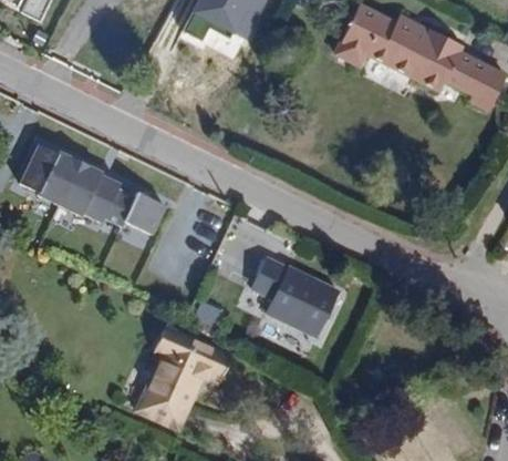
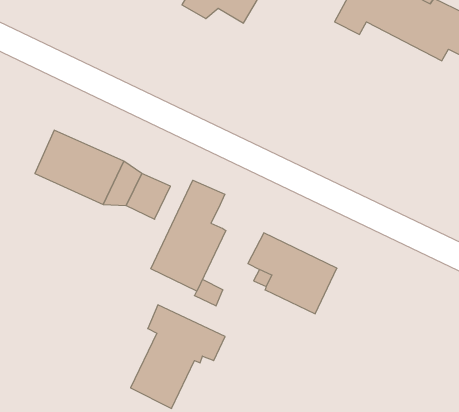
building: [23,147,62,198] -> none
building: none -> [151,180,226,291]

